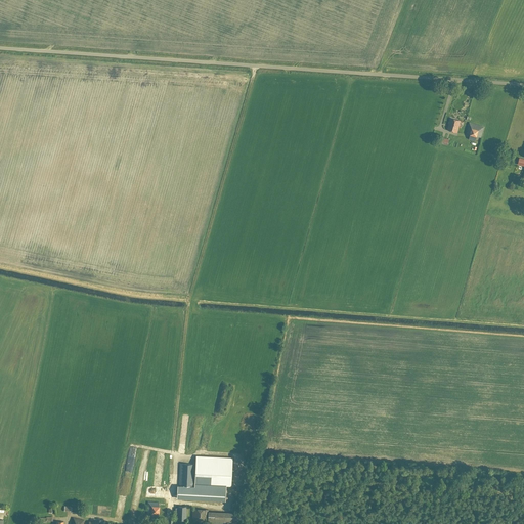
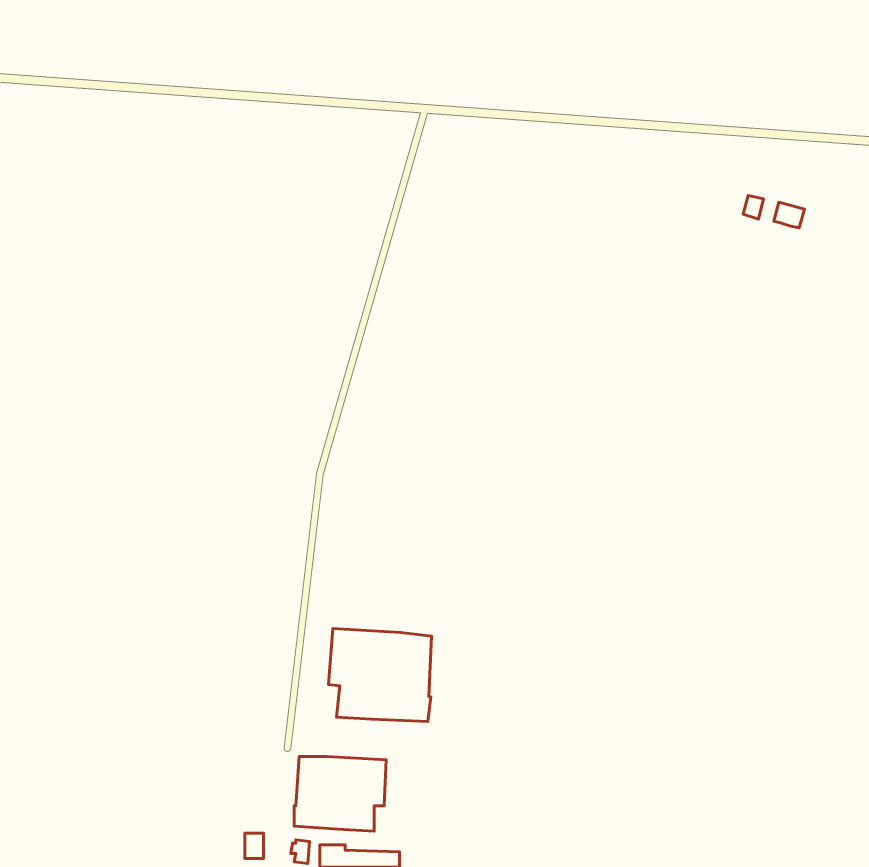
building: none -> [328,629,432,722]

